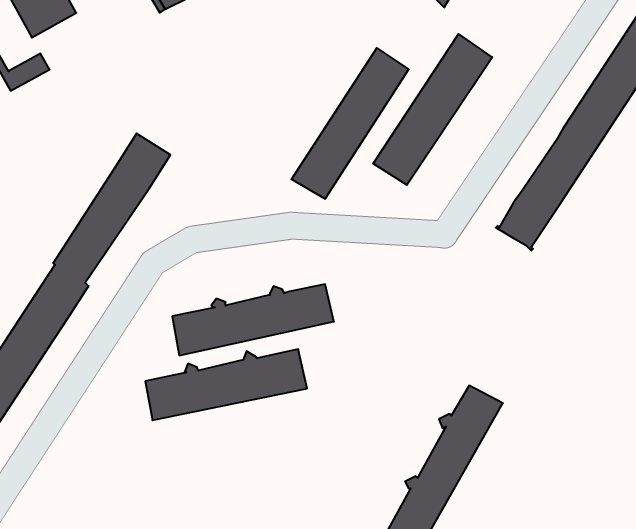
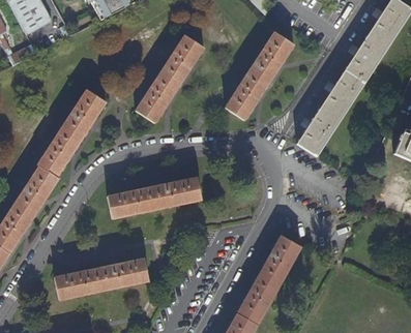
building: [291,48,409,199] -> [136,34,204,122]
building: [145,349,307,420] -> [55,259,149,300]

